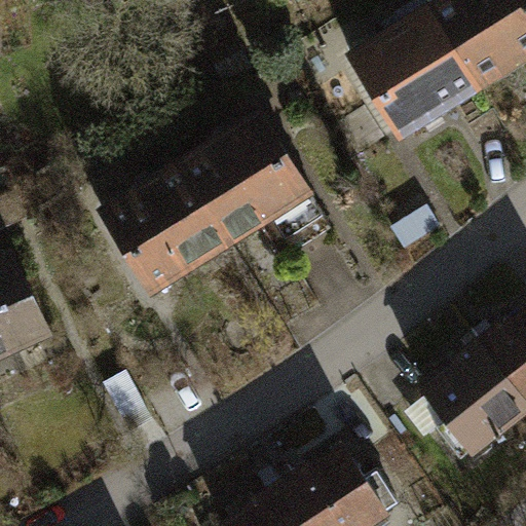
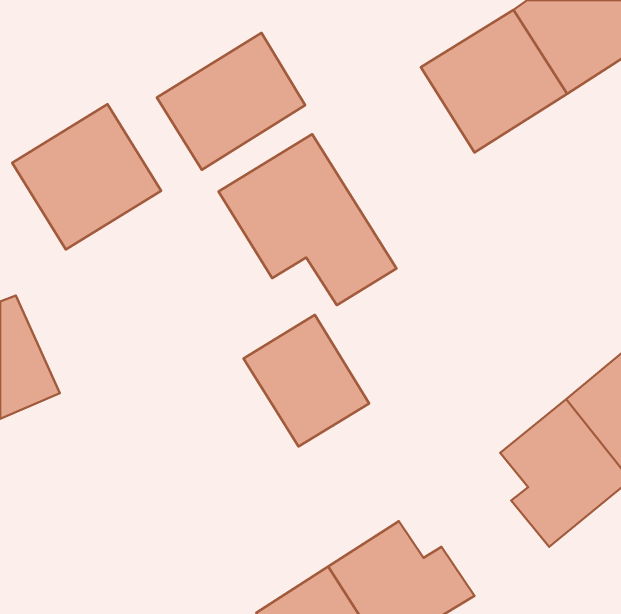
building: none -> [157,33,305,170]
building: [106,170,231,292] -> [12,104,161,249]
building: none -> [244,315,369,446]

